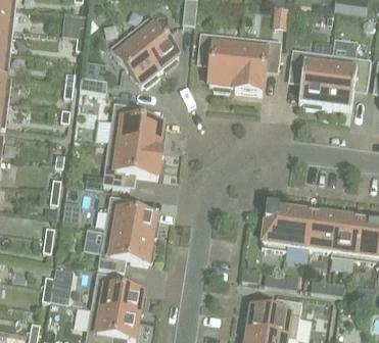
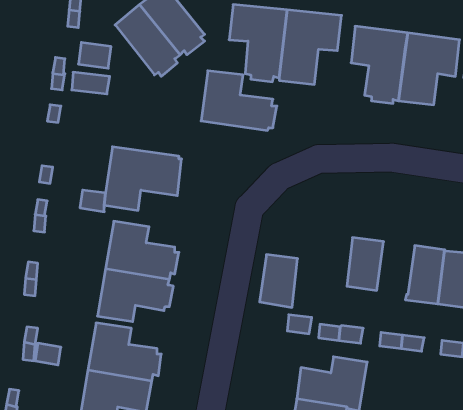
building: [109,101,167,146] -> [201,71,277,130]
building: [262,204,290,244] -> [260,255,298,307]
building: [309,210,337,250] -> none

